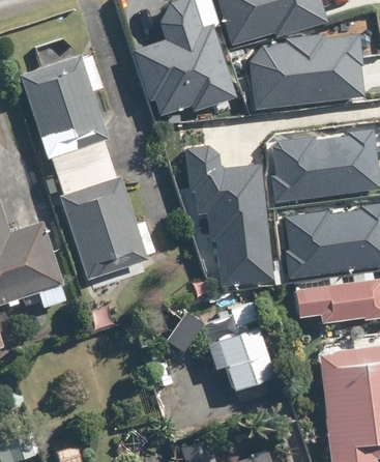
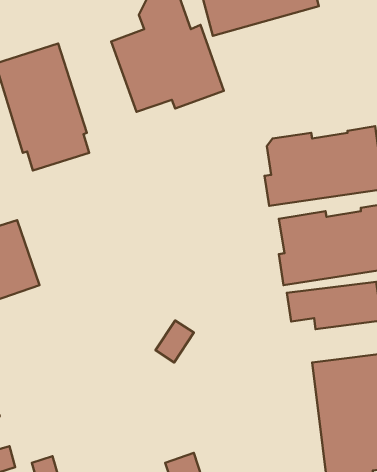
building: [253,35,369,112] -> none
building: [187,147,277,289] -> none
building: [56,155,146,277] -> none
building: [215,325,273,387] -> none

